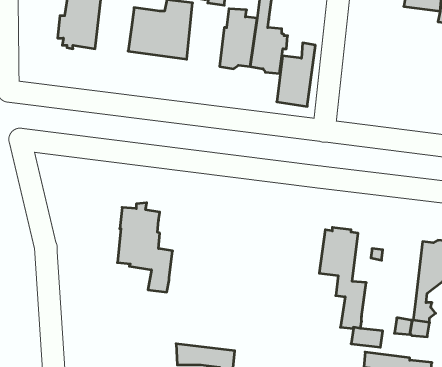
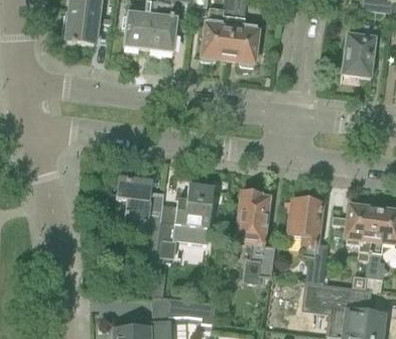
building: [277,43,315,106] -> [343,23,376,78]
building: none -> [155,185,213,264]
building: none -> [235,192,275,276]
building: none -> [345,203,376,260]

